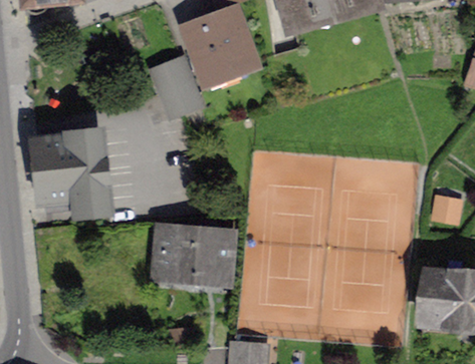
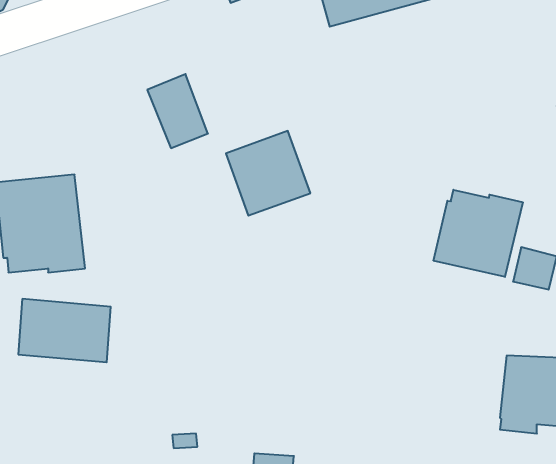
building: [189,15,253,79] -> [226,131,310,216]
building: none -> [434,190,523,277]
building: [159,231,229,279] -> [18,299,111,362]

